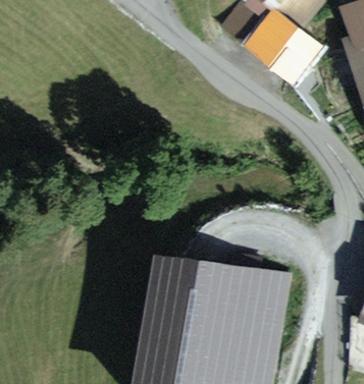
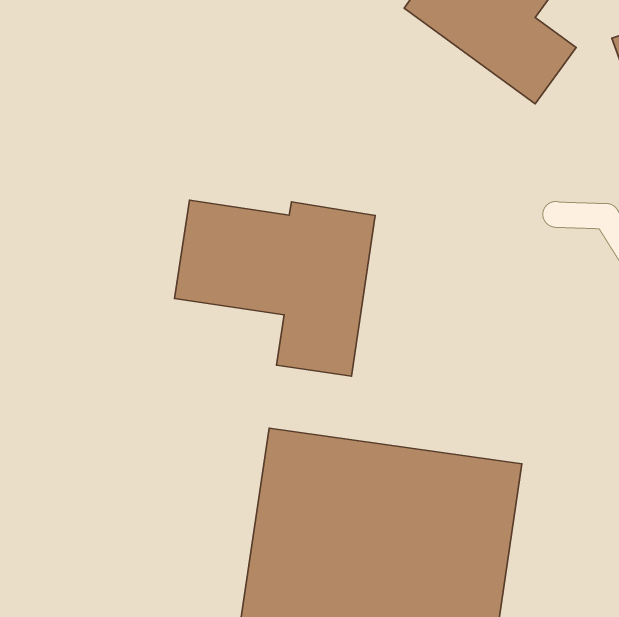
building: none -> [174,200,375,376]

